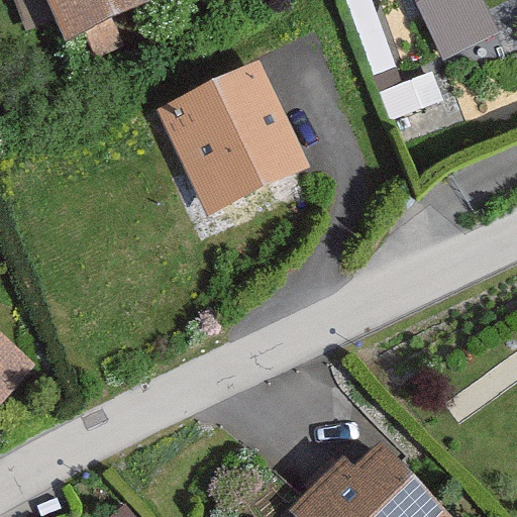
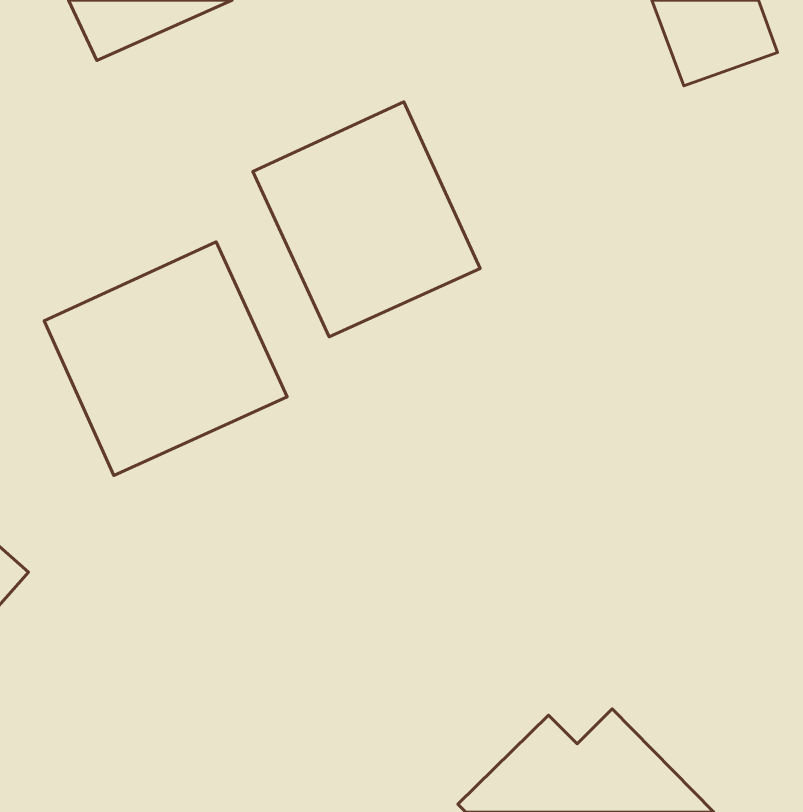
building: none -> [44,242,287,475]

